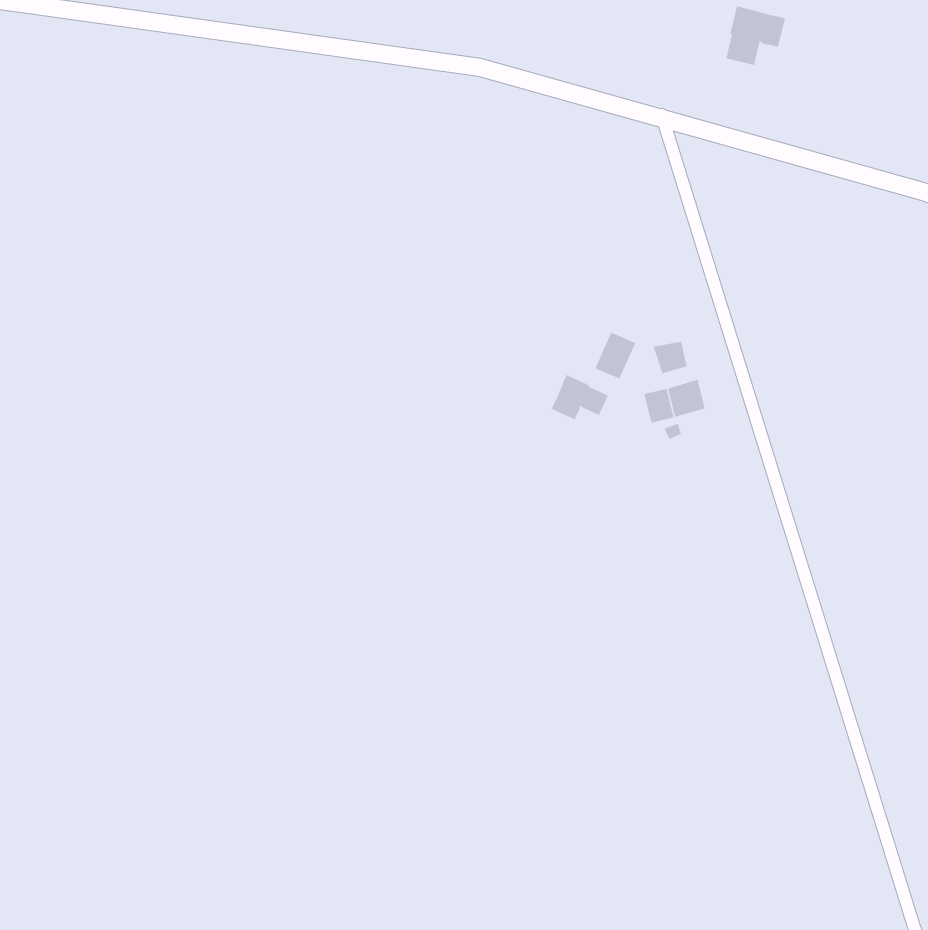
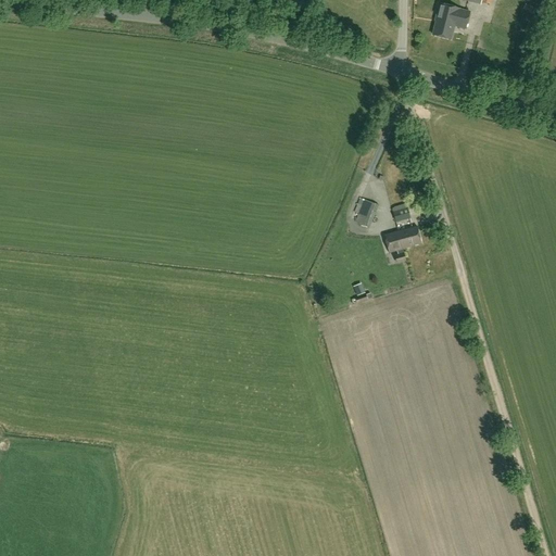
building: [551,374,608,420] -> none

